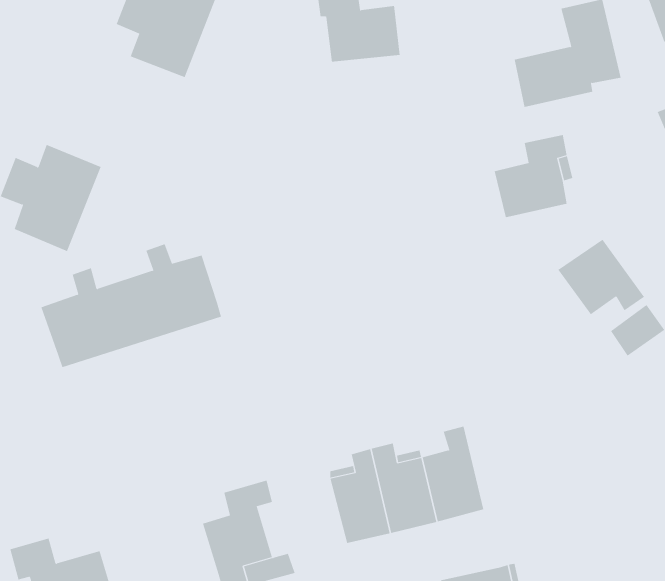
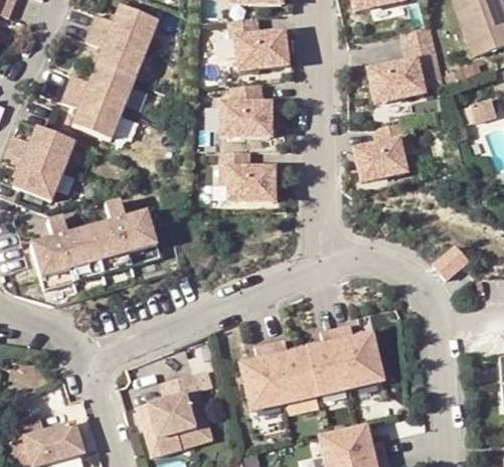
building: none -> [62,66,135,142]
building: none -> [220,84,271,137]
building: none -> [220,151,275,200]
building: [558,239,645,315] -> none
building: none -> [333,326,380,388]

